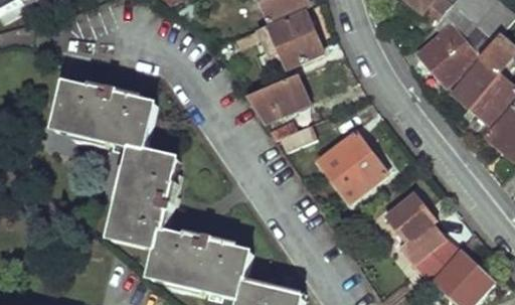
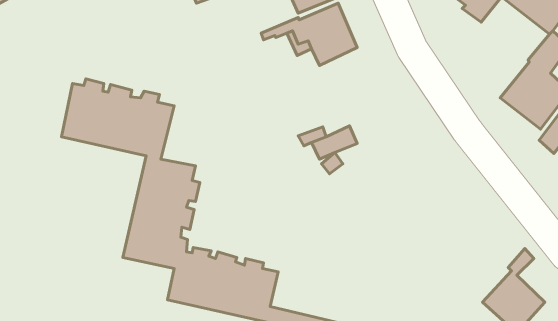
building: [419,30,477,86] -> none
building: [246,74,307,120] -> none
building: [320,132,388,201] -> none
building: [385,193,459,283] -> none

